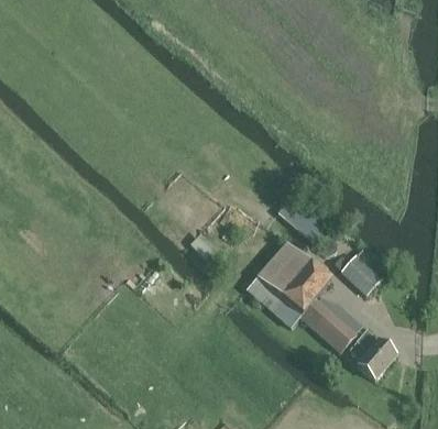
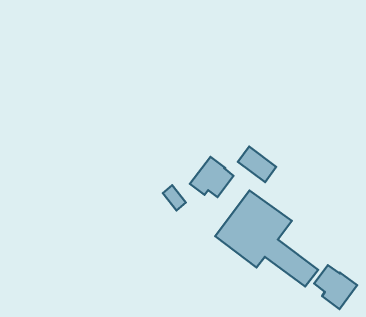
building: none -> [190,157,233,197]
building: [335,254,382,294] -> none

